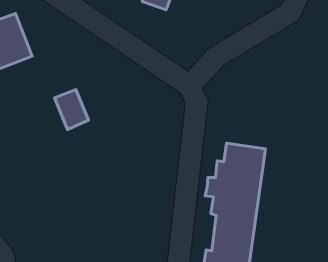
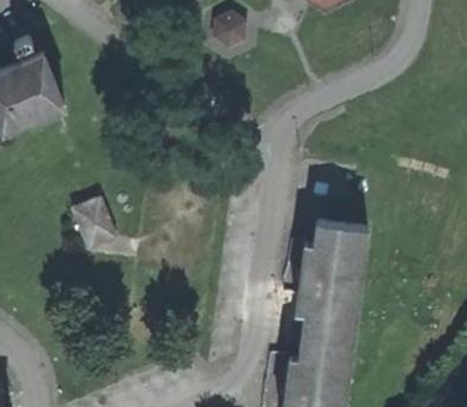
building: [54,89,89,129] -> [71,199,115,250]

